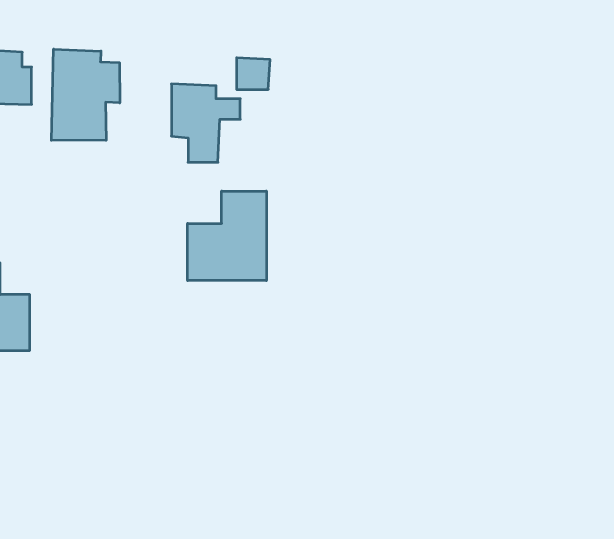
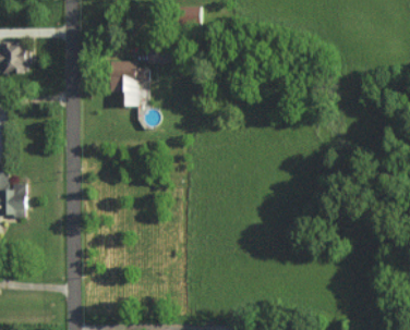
building: [51,49,120,140] -> none
building: [188,191,266,281] -> none

